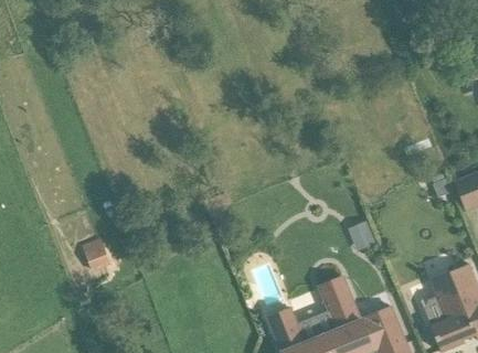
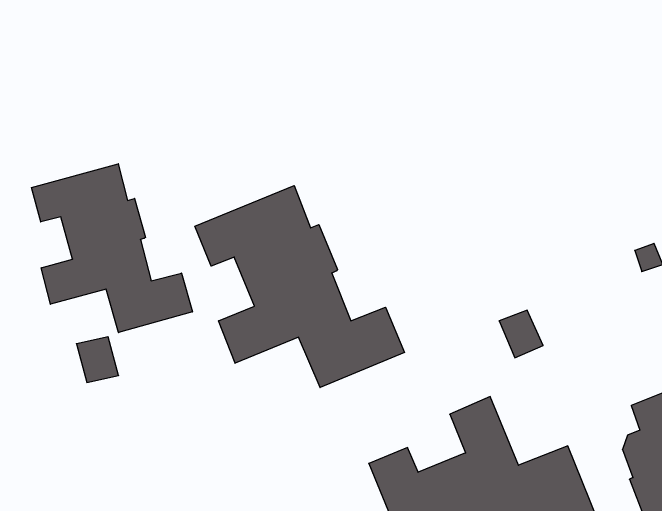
building: none -> [31,164,192,333]
building: none -> [195,186,404,388]

